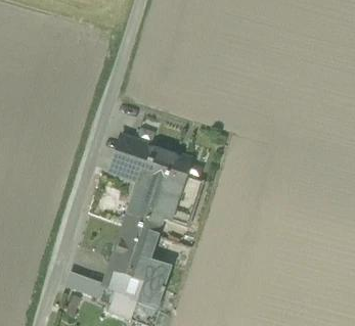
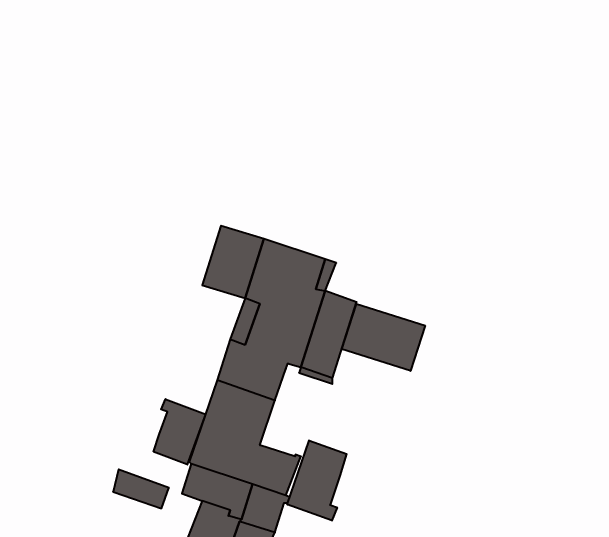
building: none -> [342,304,425,371]
building: none -> [154,399,206,465]
building: none -> [287,440,347,521]

